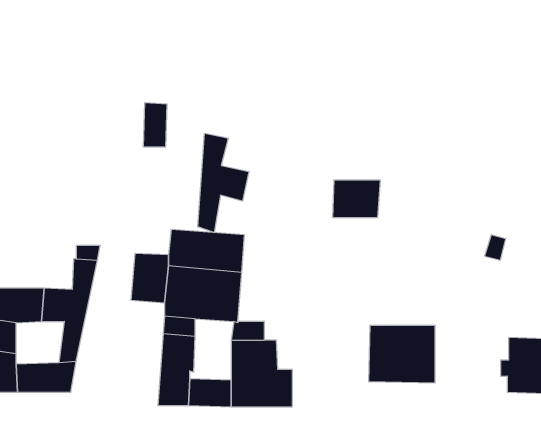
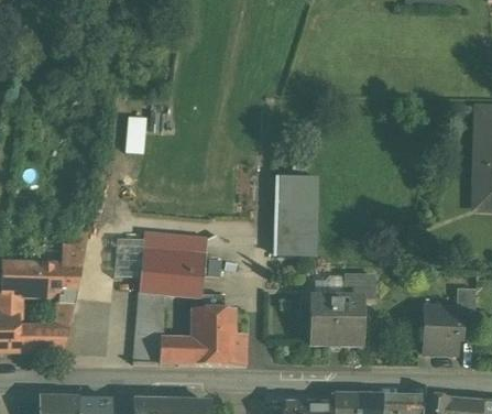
building: [198,133,249,233] -> none
building: none -> [277,208,317,255]
building: none -> [345,274,378,297]

